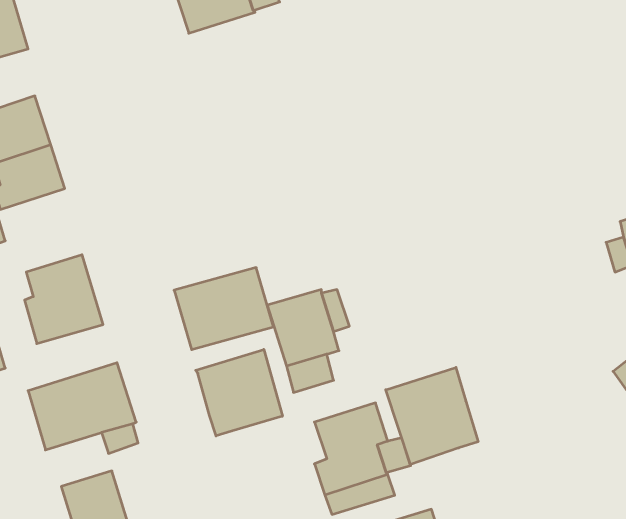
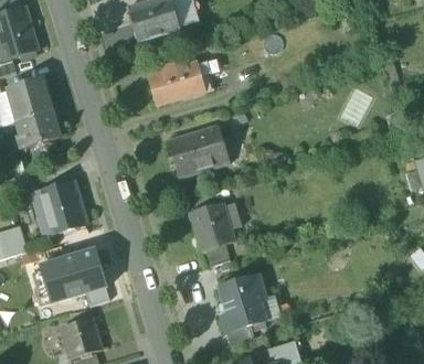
building: none -> [149,58,205,105]
building: [174,268,274,350] -> [169,125,232,176]
building: [196,349,282,436] -> none
building: [386,367,478,464] -> none

